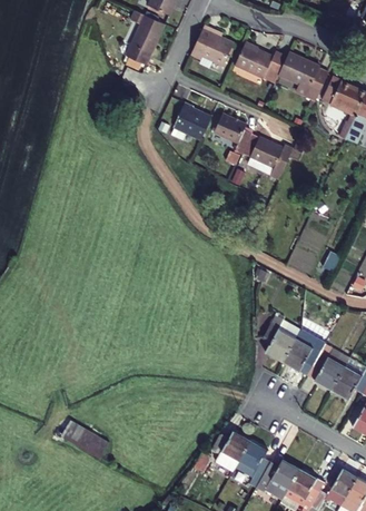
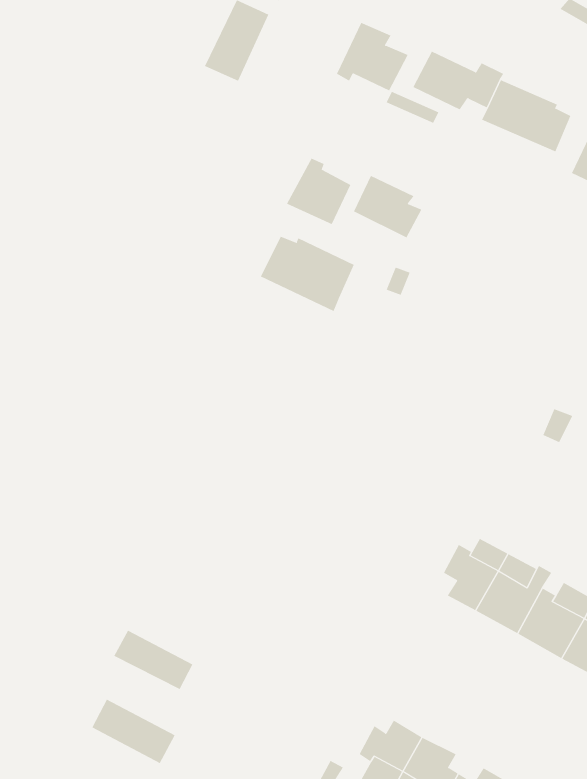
building: [248,137,294,181] -> none
building: none -> [260,236,355,312]
building: none -> [113,630,193,690]

